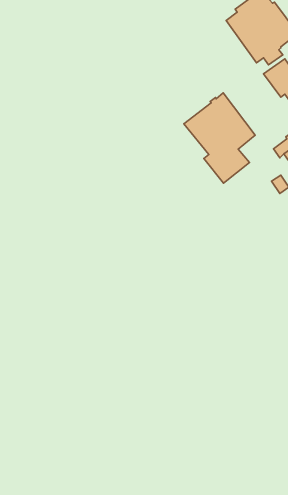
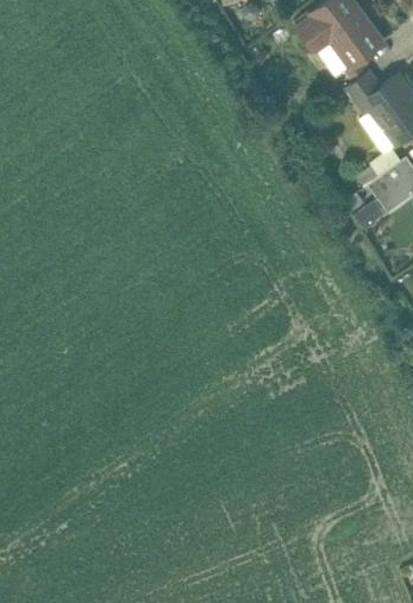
building: [184,93,255,183] -> none

